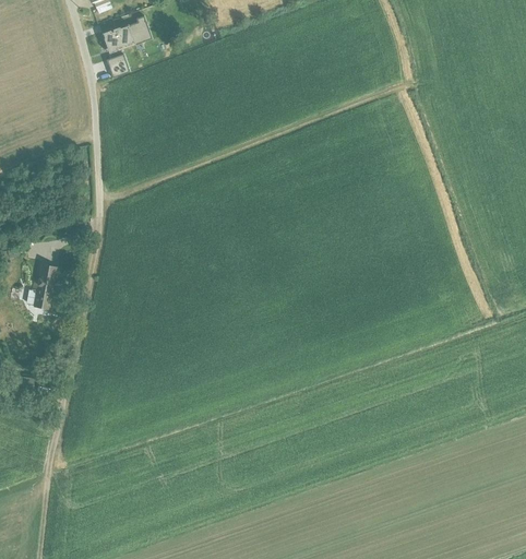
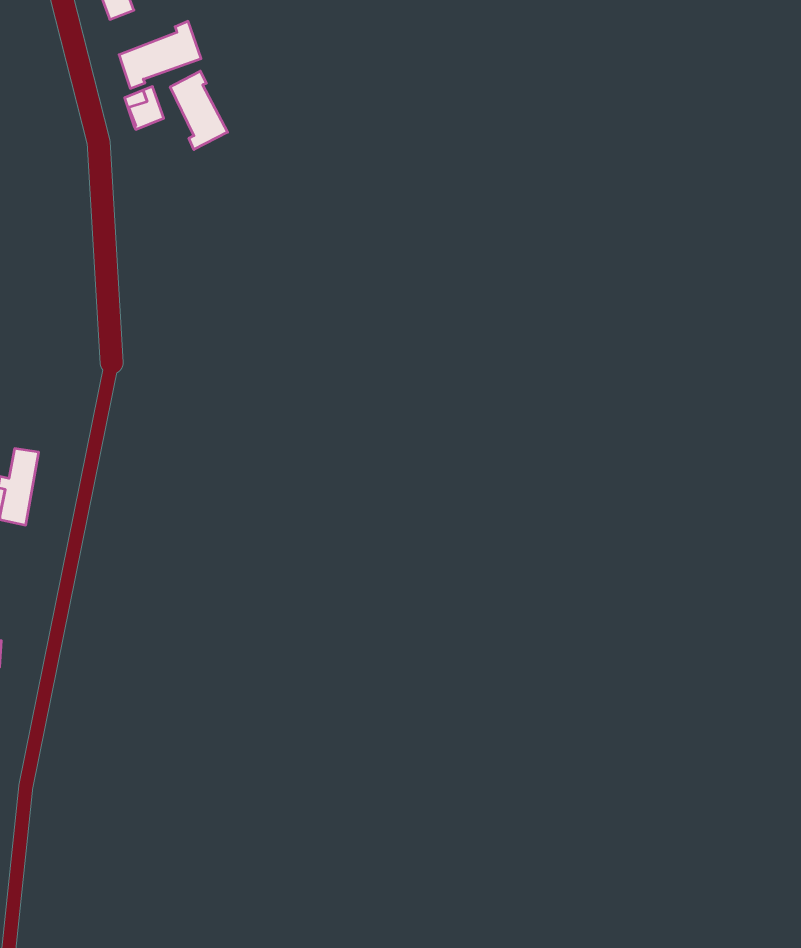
building: none -> [170,71,228,150]

